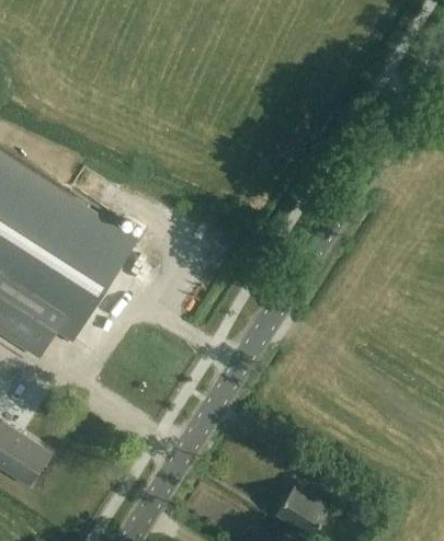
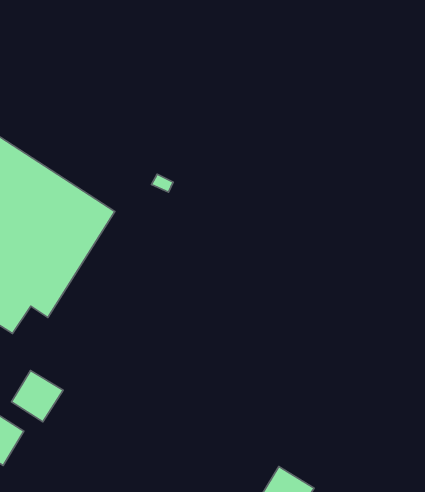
building: none -> [12,371,63,422]

